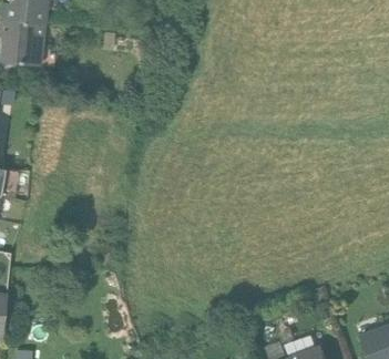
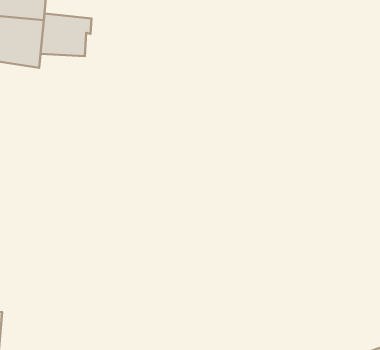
building: none -> [40,14,92,56]

